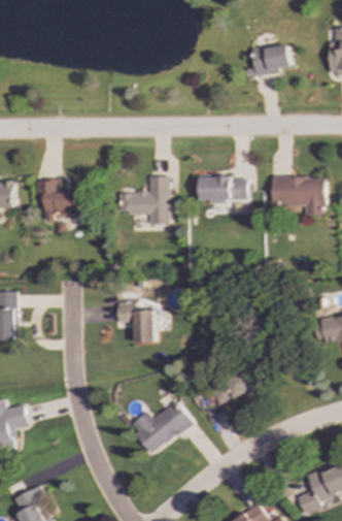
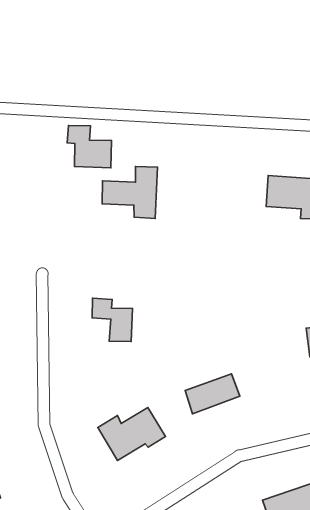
building: [250,44,290,76] -> none
building: [199,176,247,203] -> none
building: [36,180,78,219] -> [67,125,111,168]

